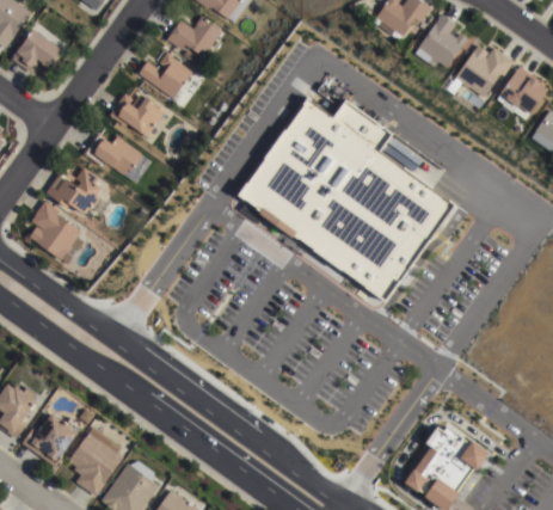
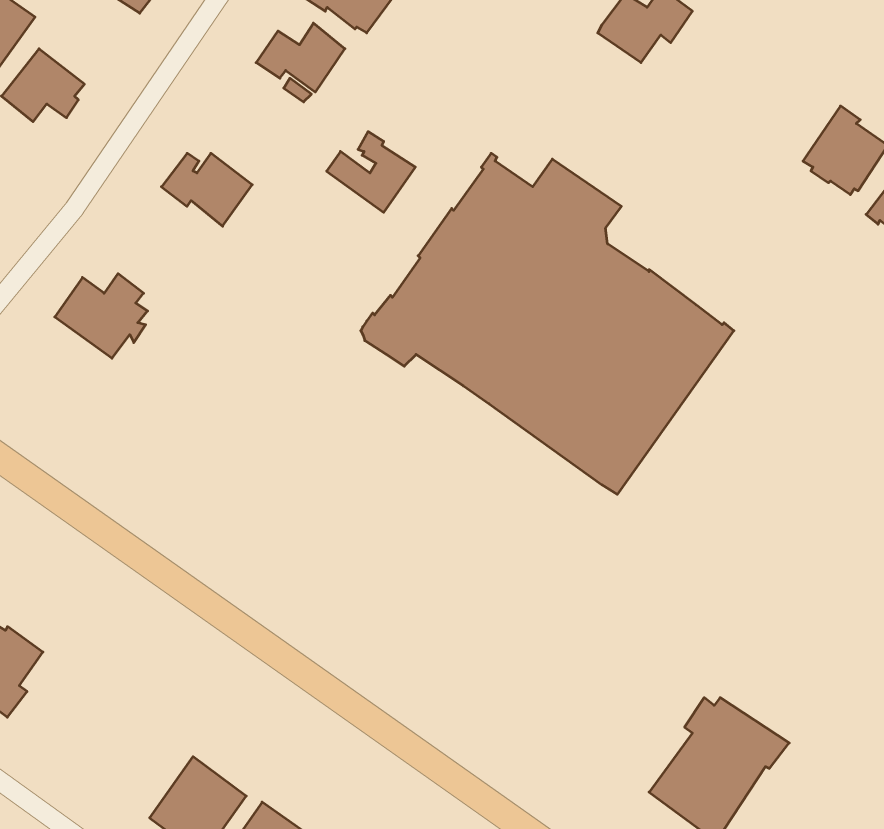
building: [414,14,467,68] -> none
building: [453,45,515,102] -> none
building: [137,49,191,98] -> [327,132,415,212]
building: [85,137,150,184] -> none
building: [27,201,81,263] -> none
building: [21,410,79,463] -> none
building: [68,424,124,494] -> none

